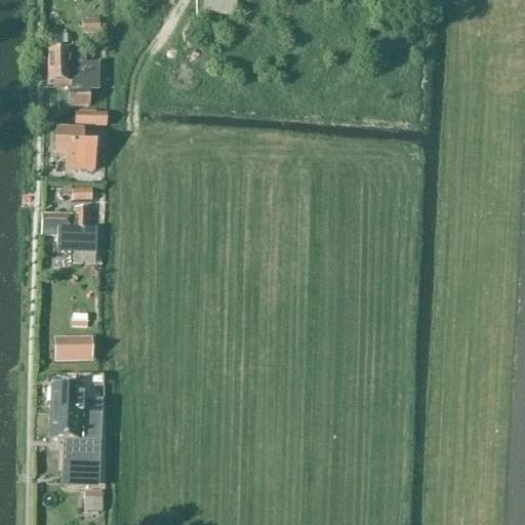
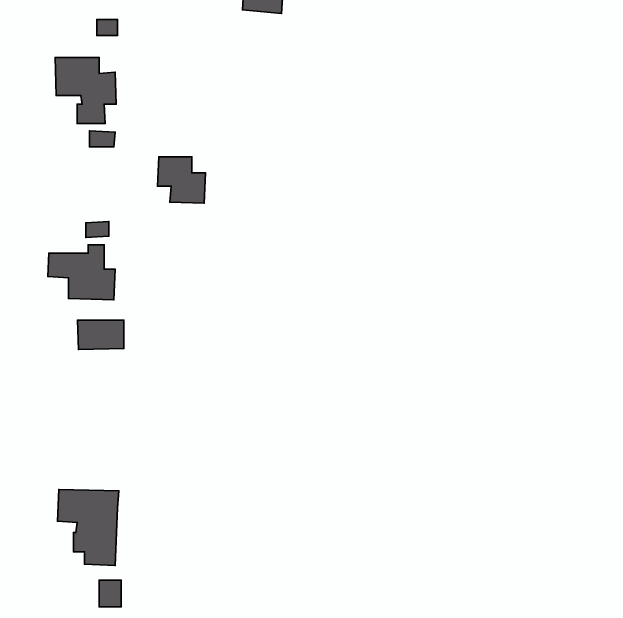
building: [55,128,95,167] -> [158,157,205,203]
building: [55,335,94,360] -> [77,320,124,350]
building: [51,382,102,411] -> none

